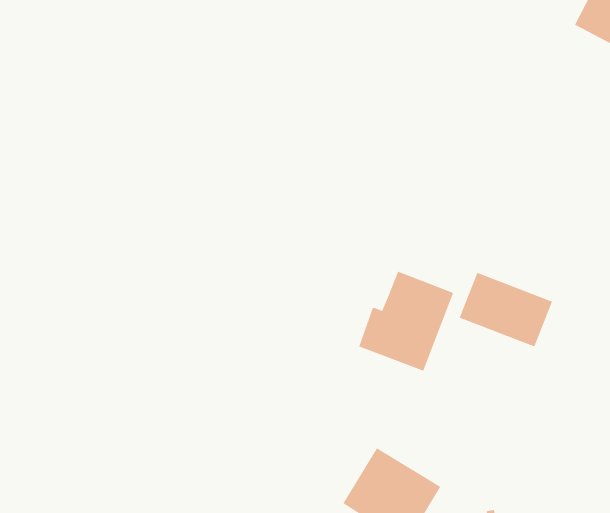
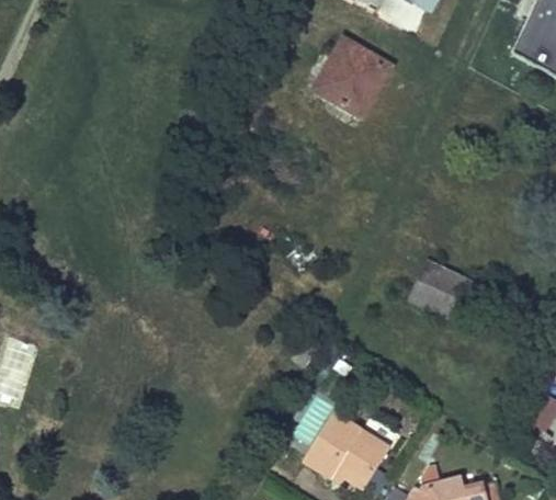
building: none -> [307,33,394,121]
building: [358,271,454,371] -> none

